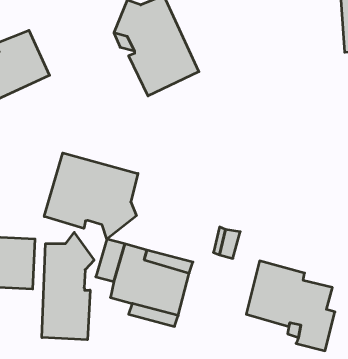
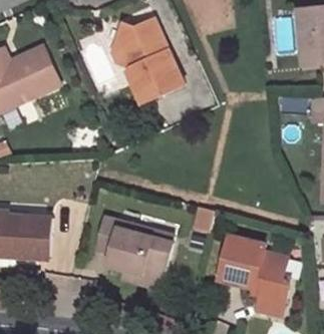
building: [44,153,138,239] -> none
building: [42,232,94,340] -> none

